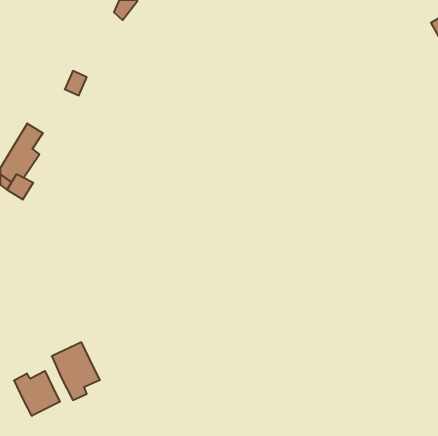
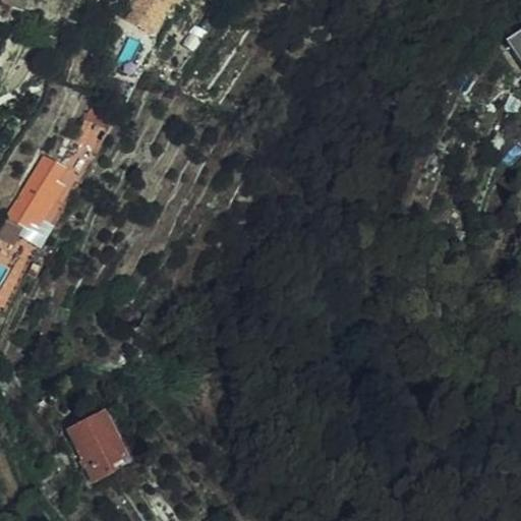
building: [14,371,60,416] -> none

